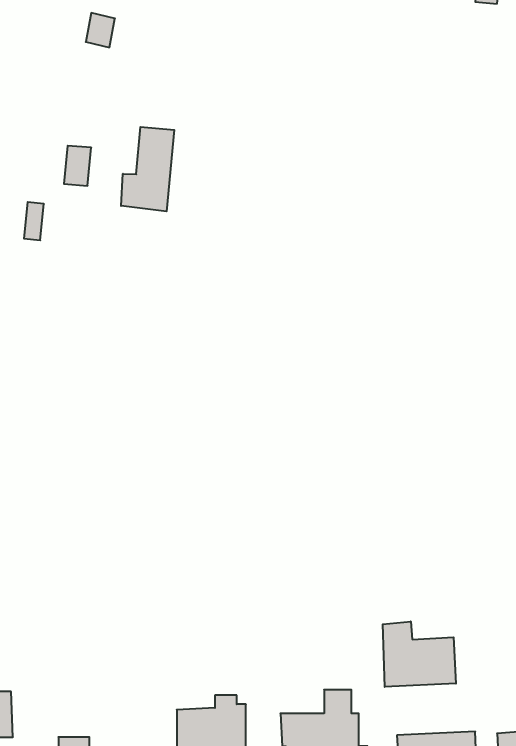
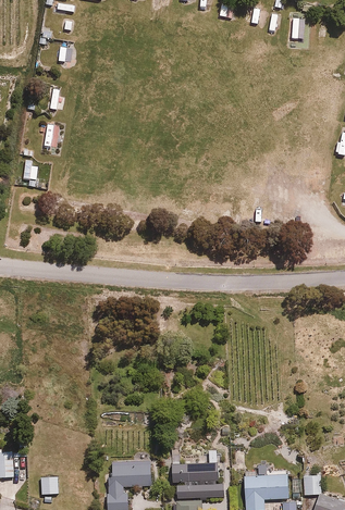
building: [121,127,174,211] -> none
building: [383,621,456,687] -> none

